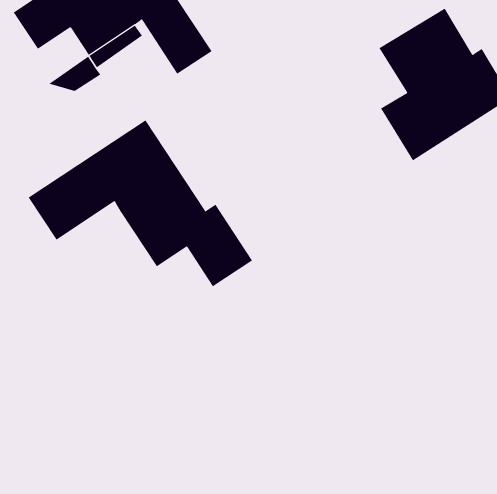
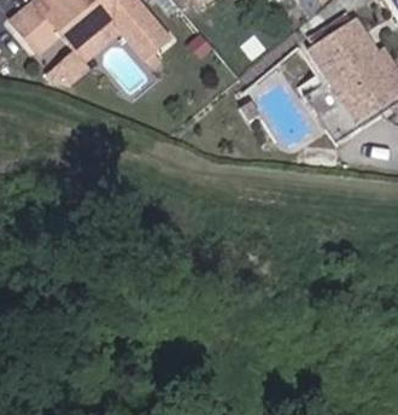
building: [28,119,253,287] -> none

